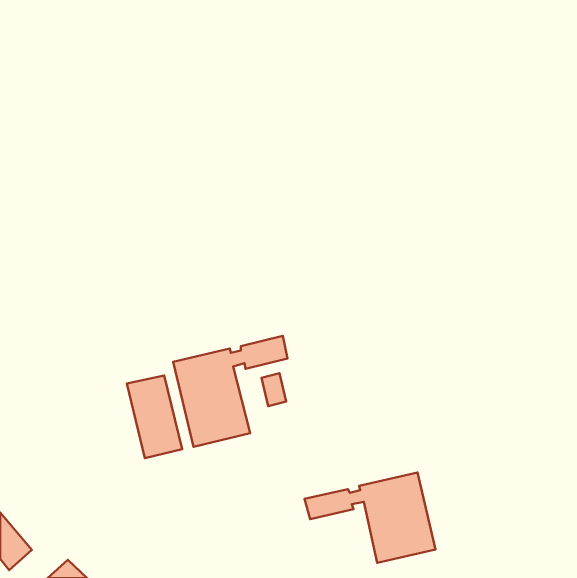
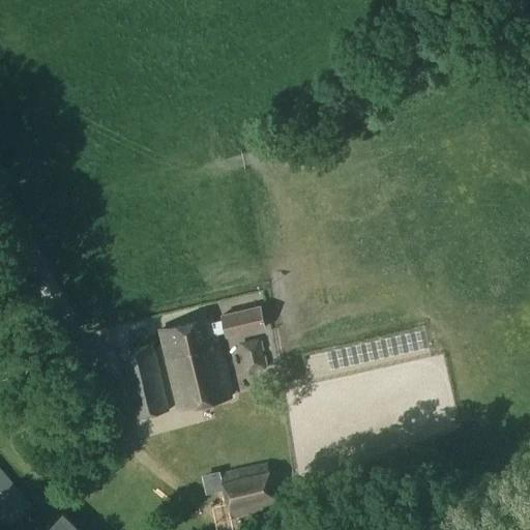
building: [305,472,435,563] -> none
building: none -> [220,464,276,519]

